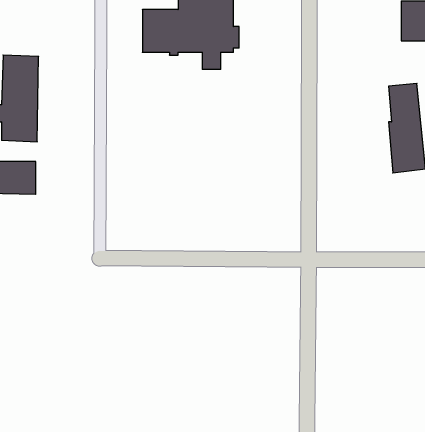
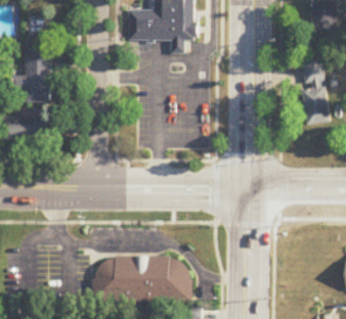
building: none -> [93,257,189,302]

